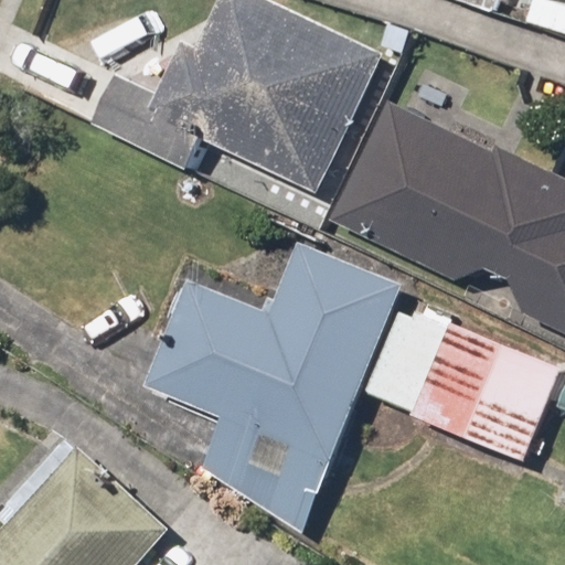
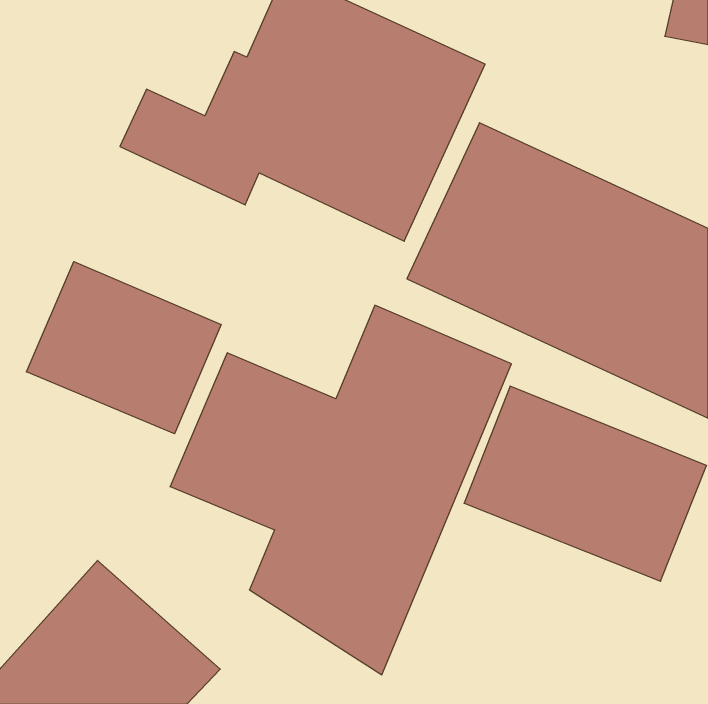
building: none -> [26,262,221,434]

